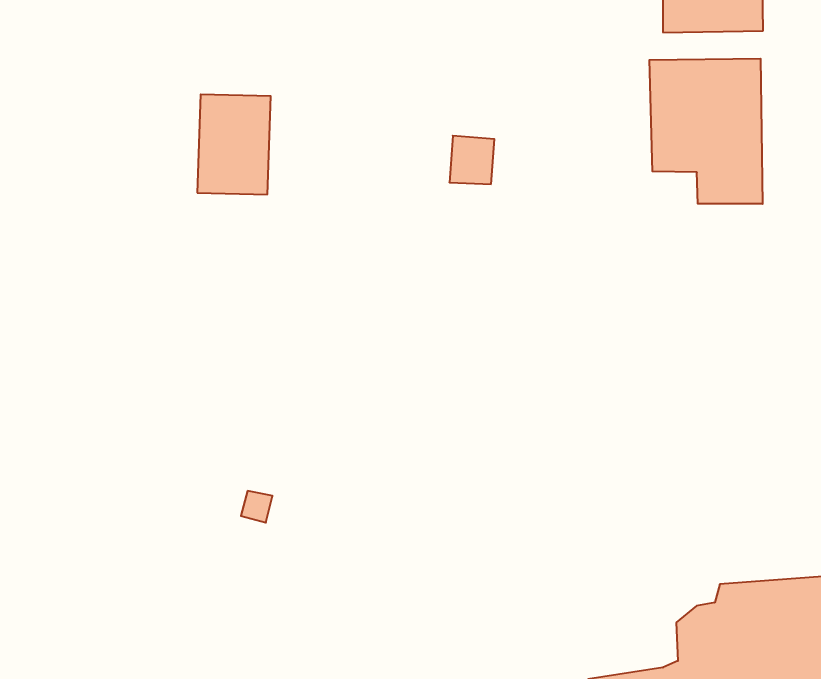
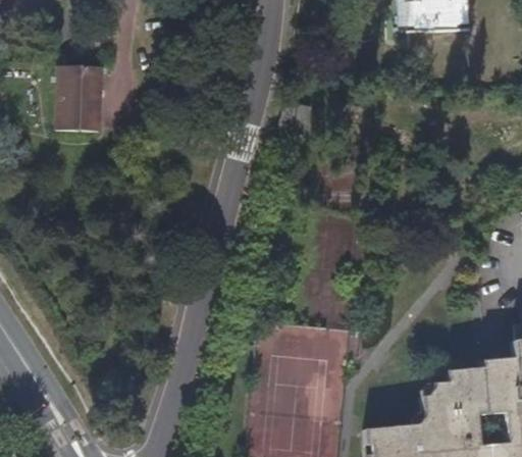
building: [649,59,763,204] -> none
building: [197,94,271,194] -> [55,68,100,130]

